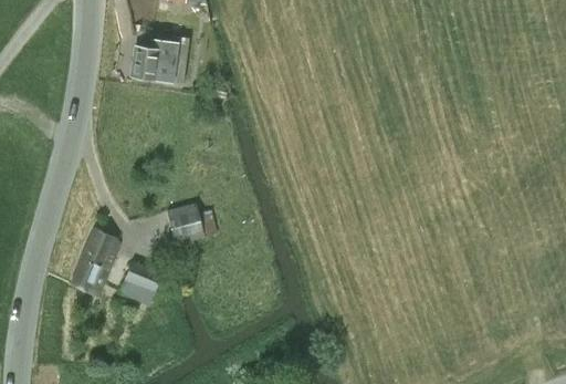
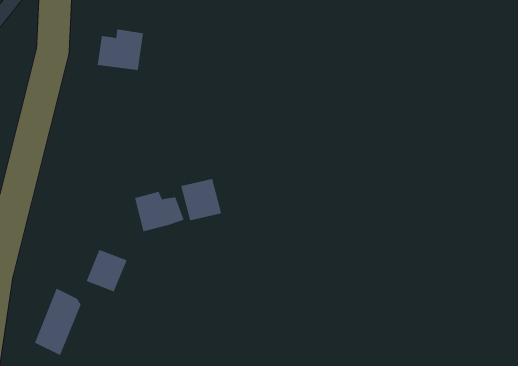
building: none -> [181,178,222,221]
building: [71,227,118,295] -> [34,288,81,356]

